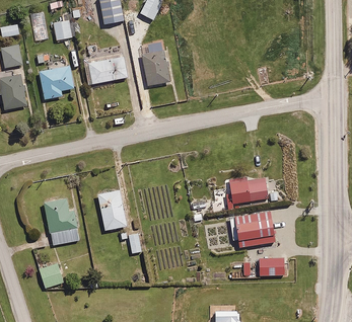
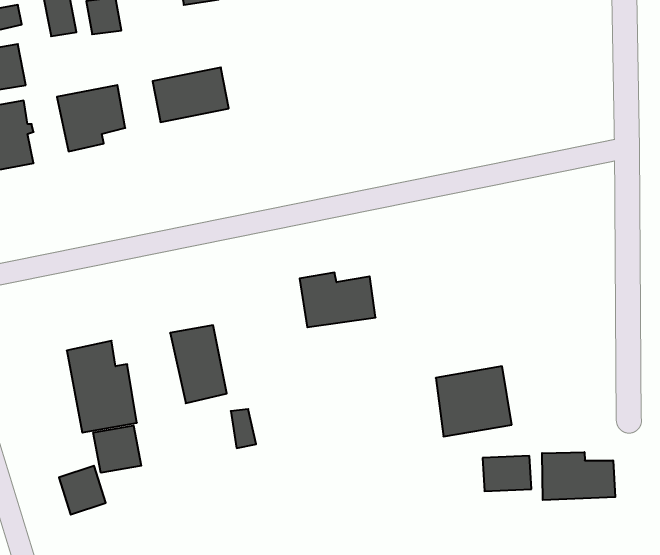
building: [139,39,170,85] -> none
building: [227,175,267,204] -> [300,273,376,327]
building: none -> [93,426,141,473]
building: none -> [542,452,615,500]

